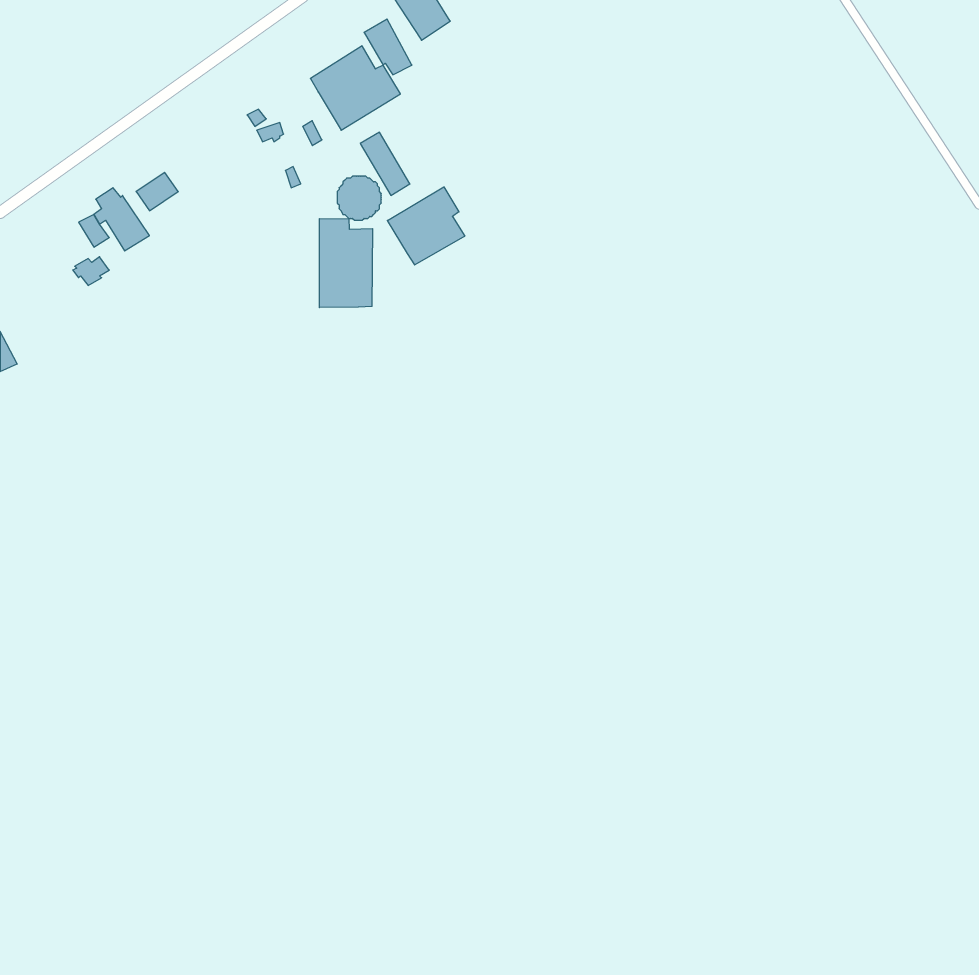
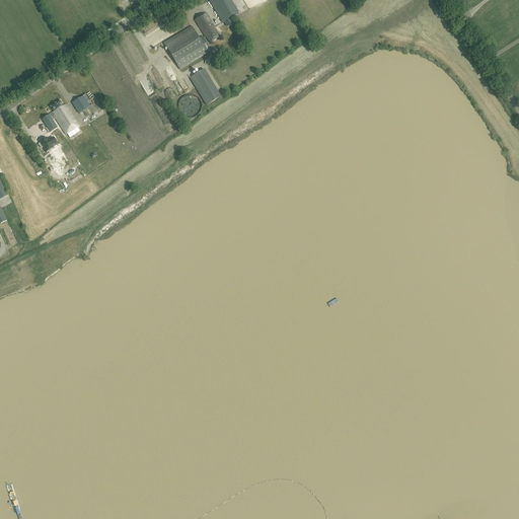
building: [387,187,465,265] -> none
building: [319,218,373,308] -> none

